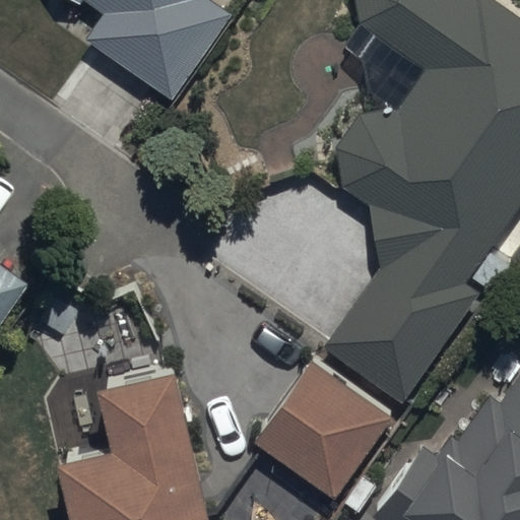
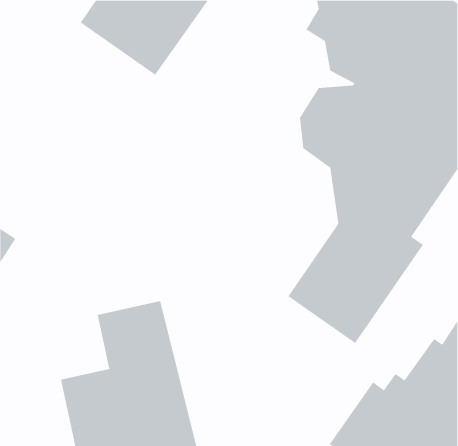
building: [257,361,392,496] -> none

